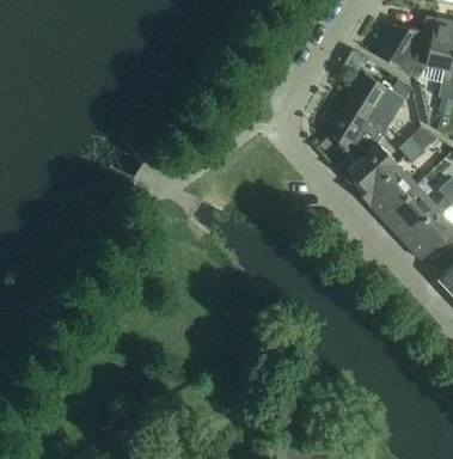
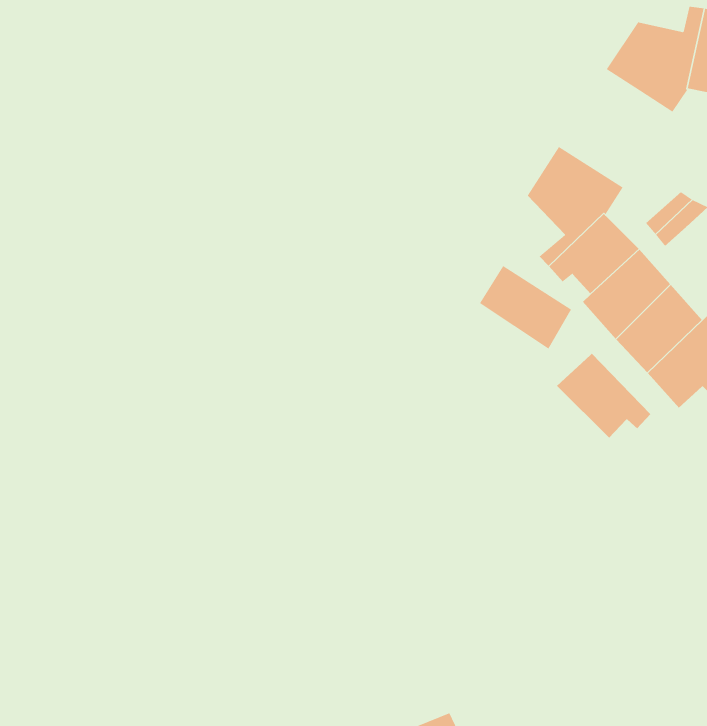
building: [349,74,414,127] -> none
building: none -> [479,265,572,350]
building: none -> [556,353,651,438]

